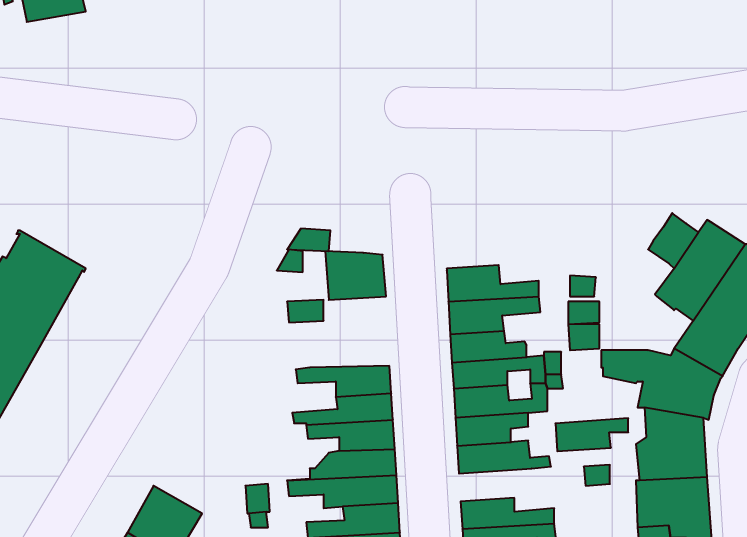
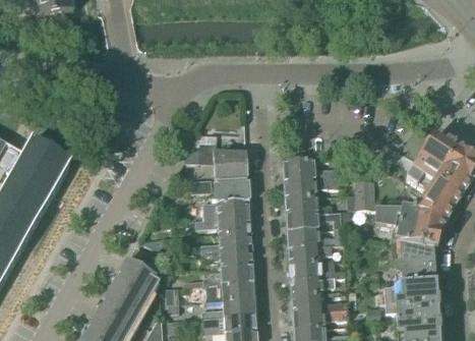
building: none -> [203,181,250,219]
building: none -> [112,245,156,304]
building: [555,418,628,451] -> [291,278,334,297]

